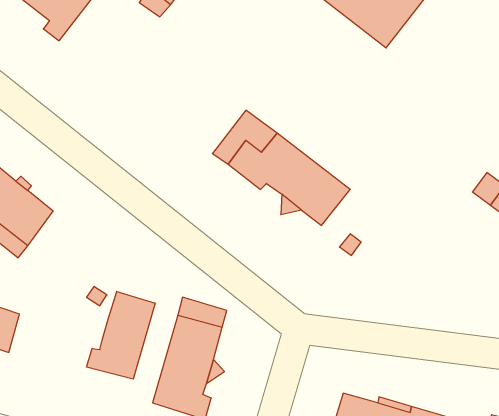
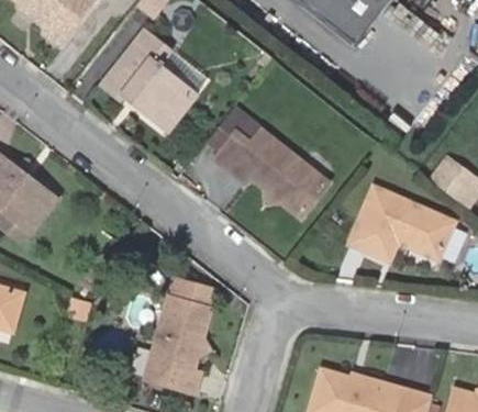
building: none -> [104,31,196,126]
building: none -> [349,185,451,257]
building: [87,291,155,379] -> none

